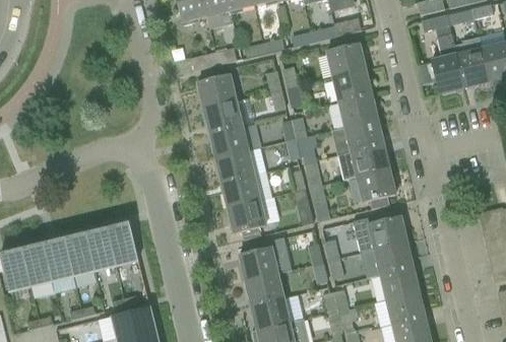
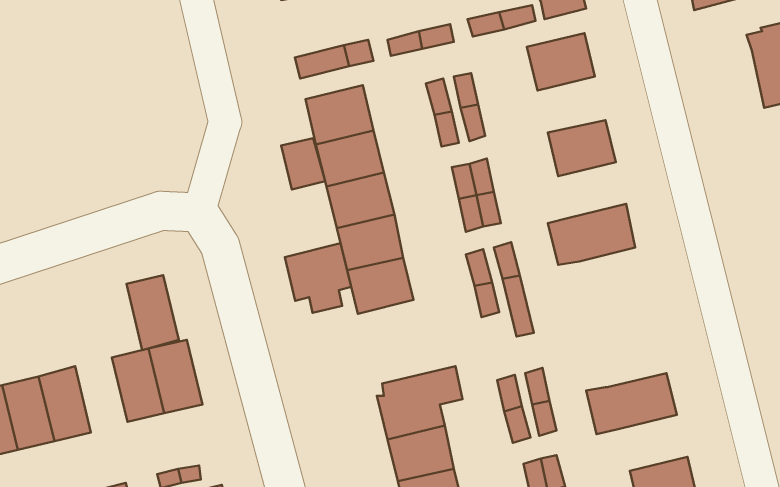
building: [432,33,464,93] -> none
building: [332,69,372,101] -> none
building: none -> [281,138,325,189]
building: [344,119,384,151] -> none
building: [357,168,395,208] -> none
building: [228,199,266,240] -> [285,243,351,313]
building: [351,216,407,253] -> none
building: [63,232,93,276] -> [127,275,179,350]
building: [380,266,420,298] -> none

